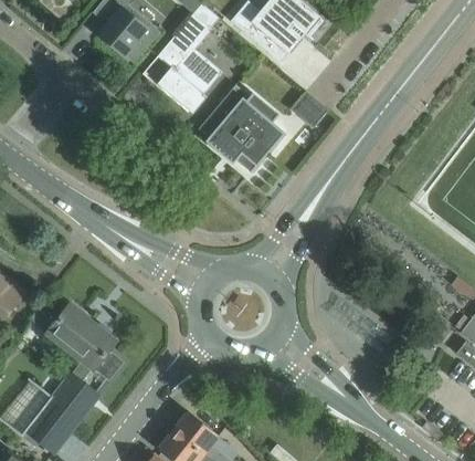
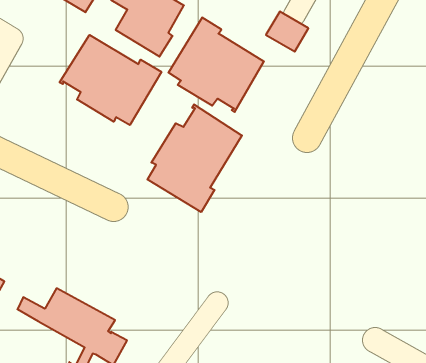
building: none -> [60,35,161,125]
building: none -> [147,104,242,212]

